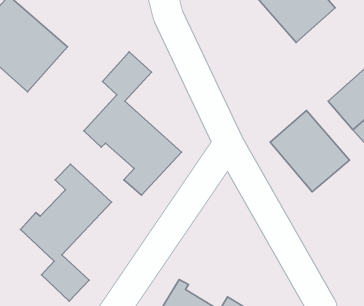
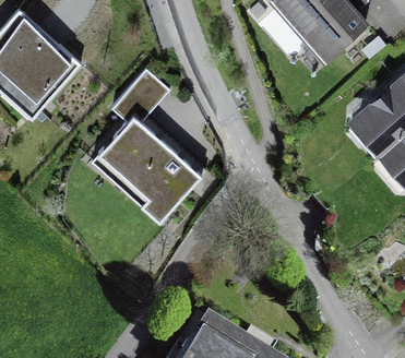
building: [270,110,350,192] -> none
building: [21,164,112,301] -> none

